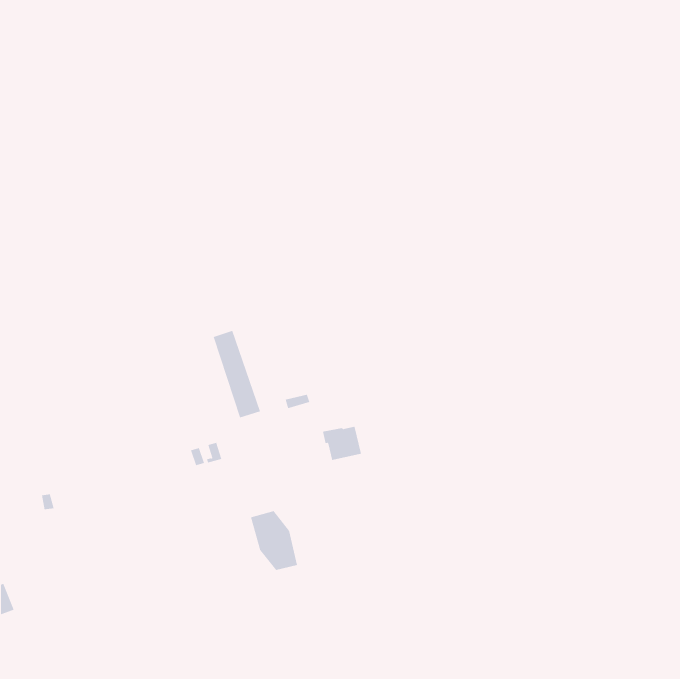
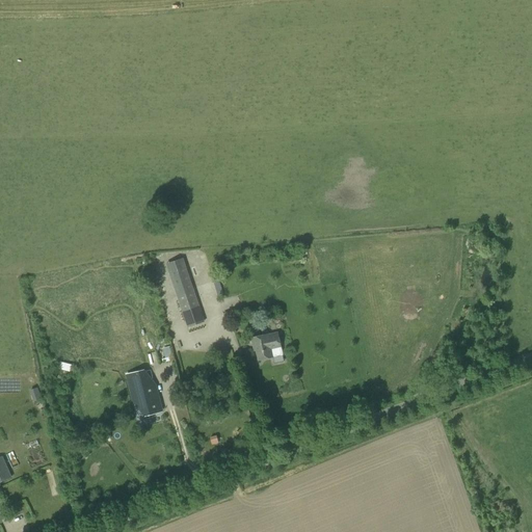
building: [250,511,298,571] -> [125,368,162,415]

